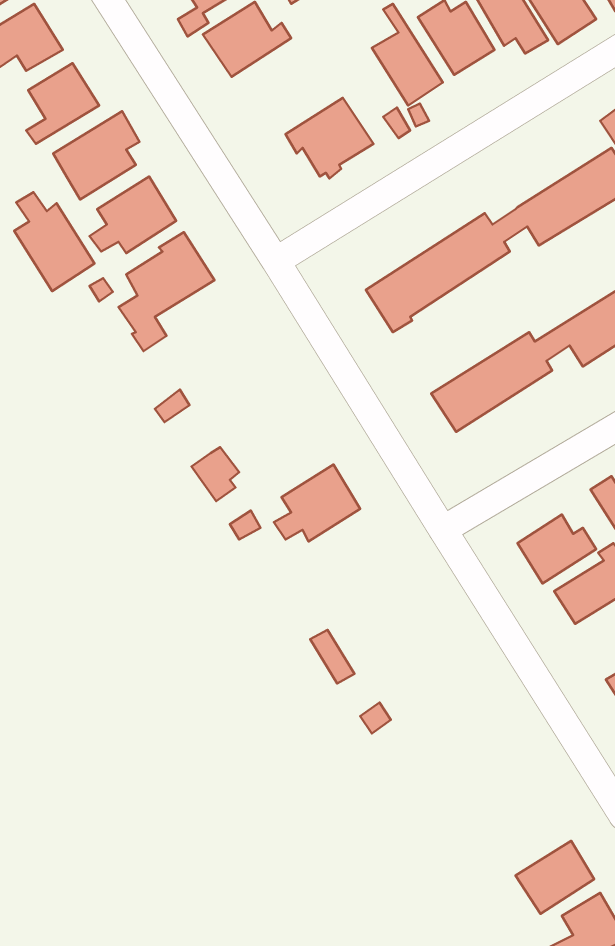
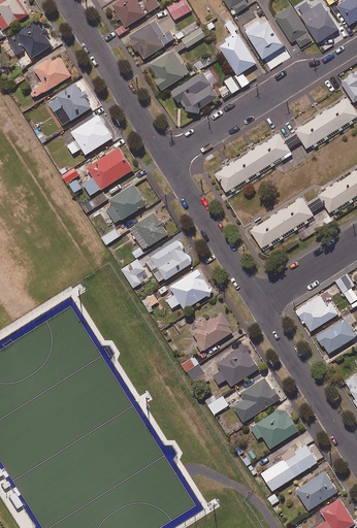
building: none -> [149,29,203,90]
building: [14,192,95,291] -> none
building: none -> [106,184,147,223]
building: none -> [129,212,168,250]
building: none -> [144,239,192,284]
building: none -> [187,312,233,352]
building: none -> [204,340,261,386]
building: none -> [229,376,281,422]
building: none -> [250,404,298,449]
building: none -> [261,444,317,491]

